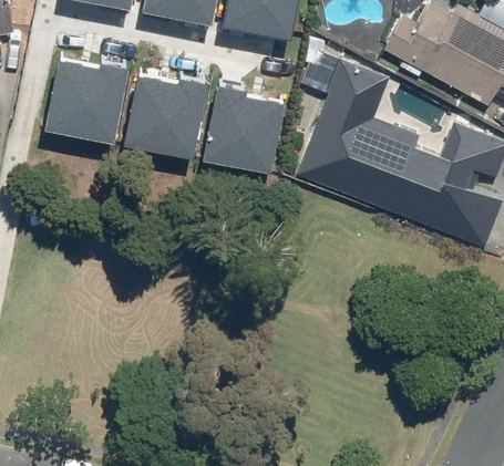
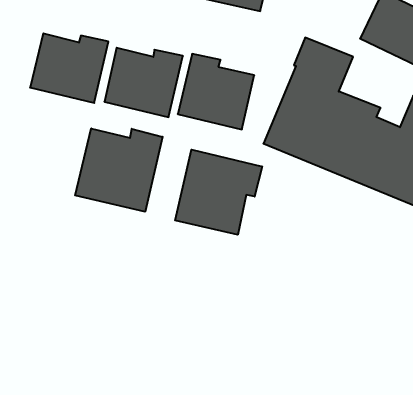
building: none -> [75,128,163,212]
building: none -> [175,150,262,235]

